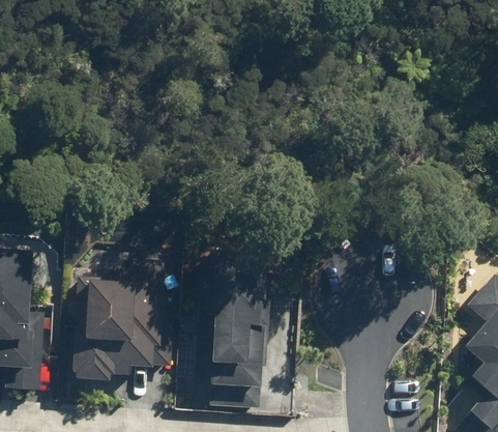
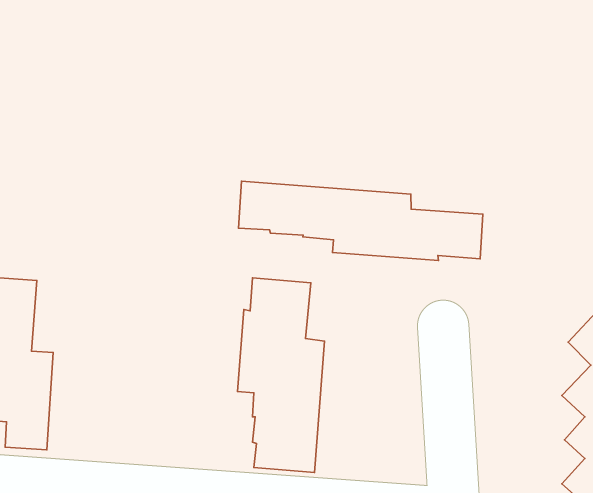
building: none -> [239,181,483,261]
building: [70,260,165,381] -> none

